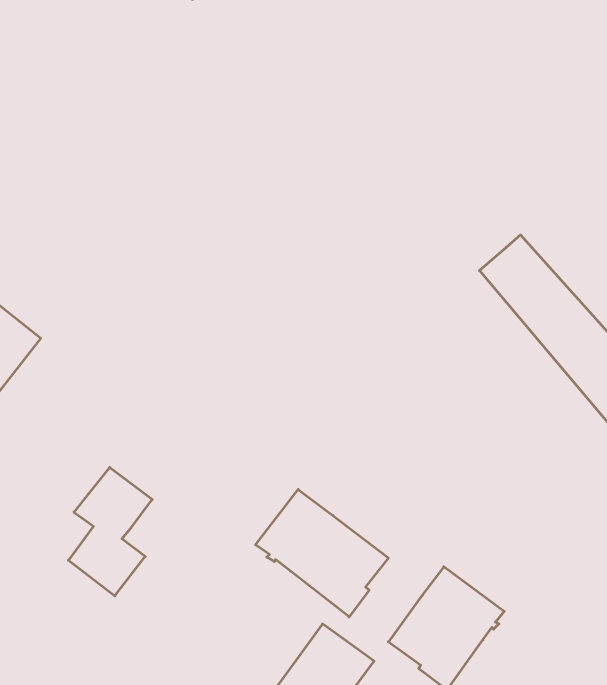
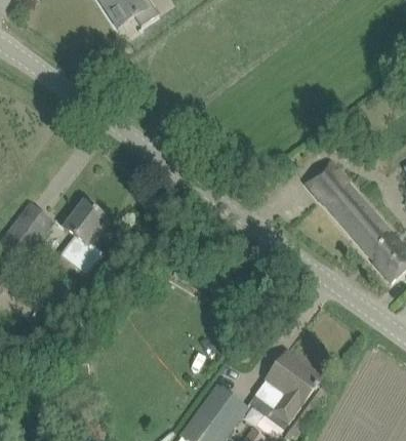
building: [68,467,152,596] -> [59,202,108,276]
building: [256,489,388,617] -> none

